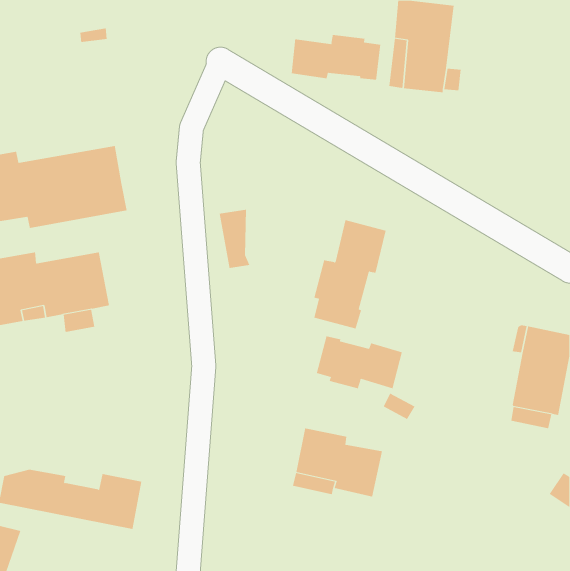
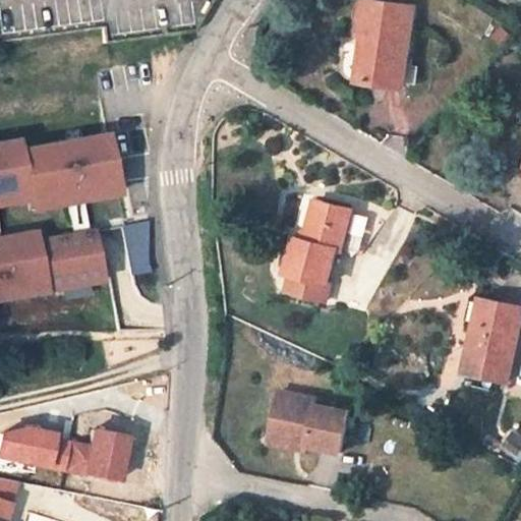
building: [291,34,381,80] -> none
building: [219,209,250,268] -> [119,220,148,274]
building: [316,335,403,389] -> none

